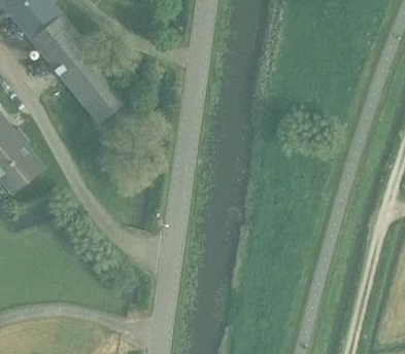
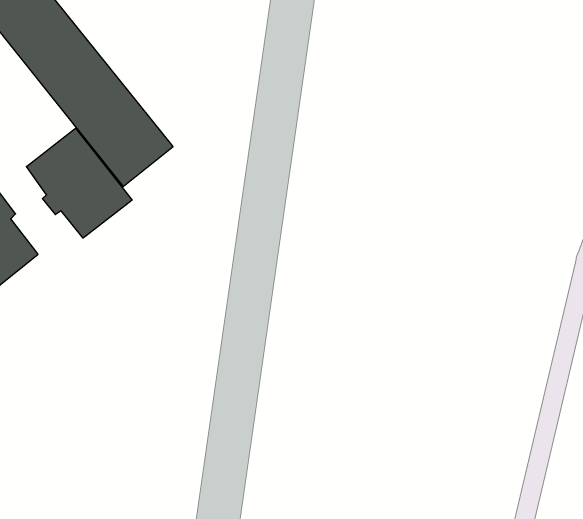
building: none -> [26,128,132,238]

